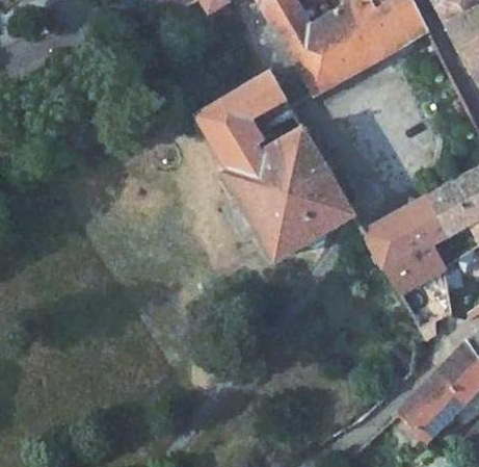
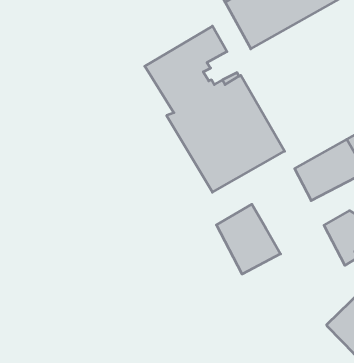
building: [382,252,426,295] -> none
building: none -> [216,204,281,274]

